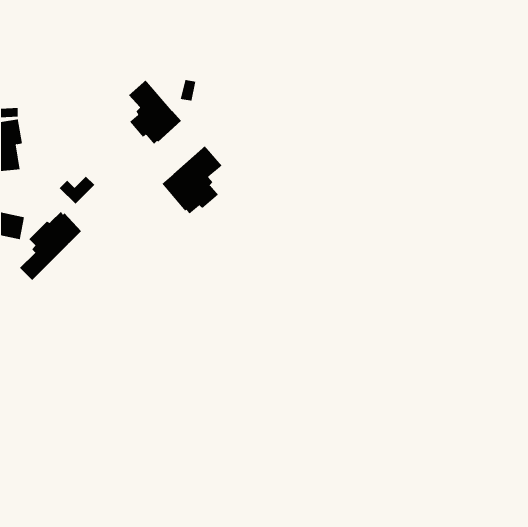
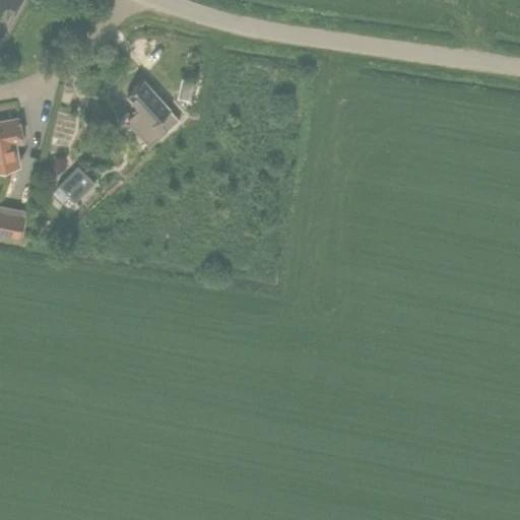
building: [162,146,222,215] -> none
building: [19,211,82,281] -> none

